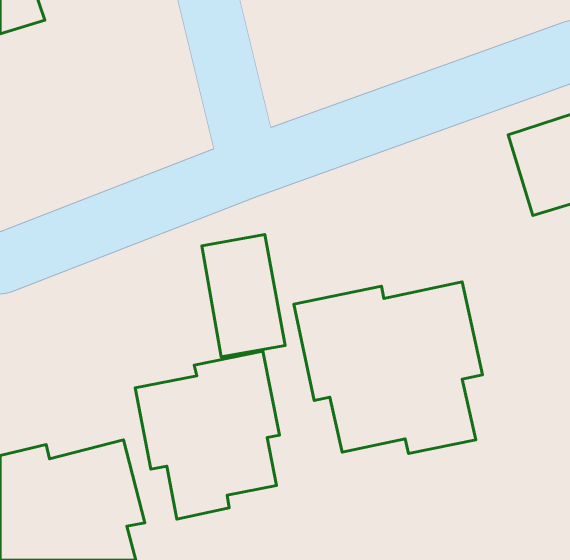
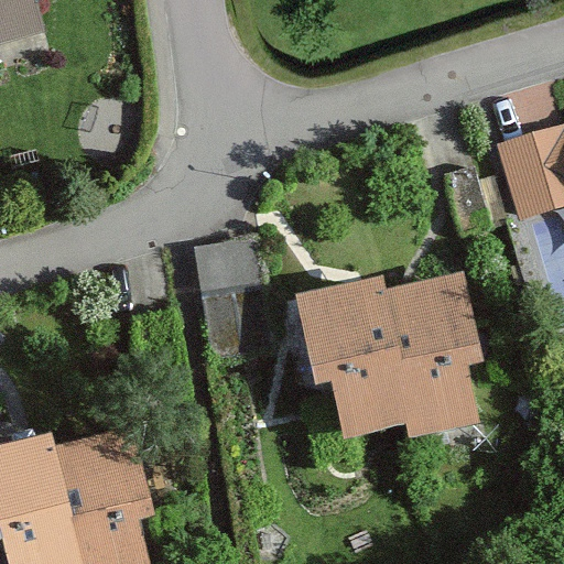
building: [135,351,280,519] -> none

